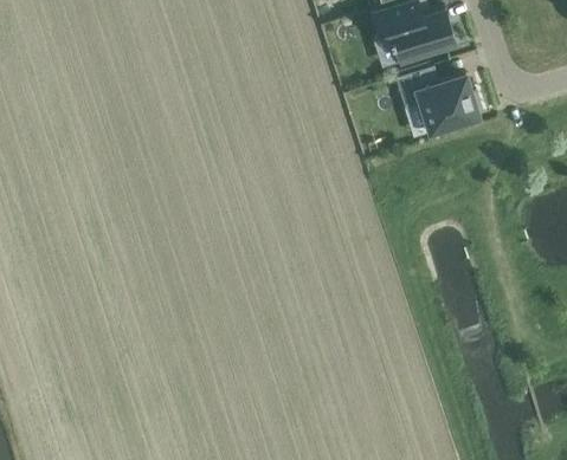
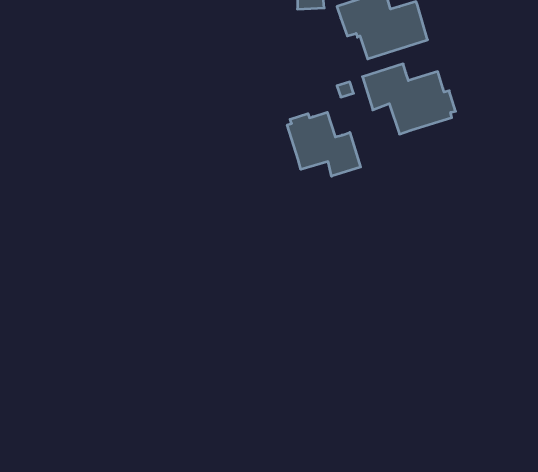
building: none -> [287,112,361,176]

